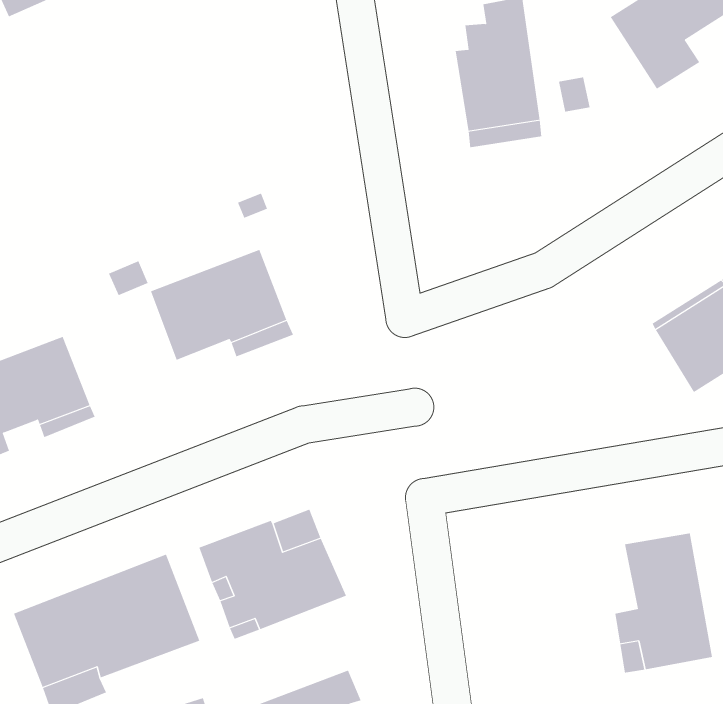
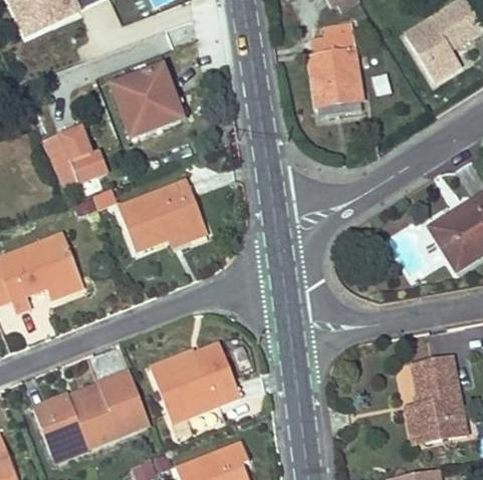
building: none -> [110,66,182,138]
building: none -> [42,128,106,187]

